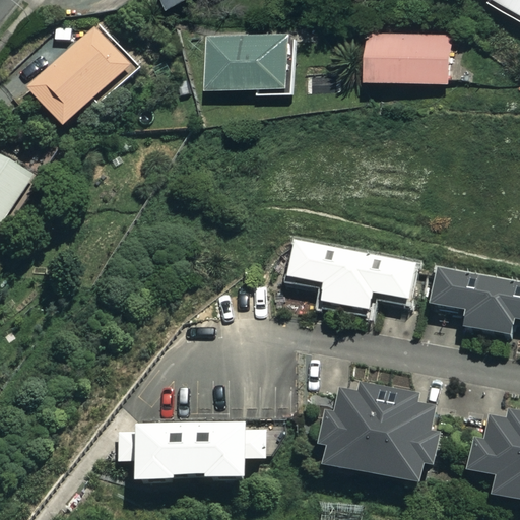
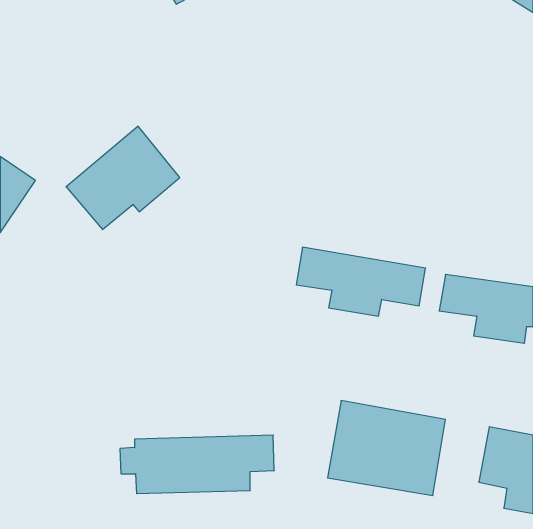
building: [26,25,137,126] -> [66,126,180,230]
building: [370,27,452,78] -> none
building: [208,30,296,90] -> none

